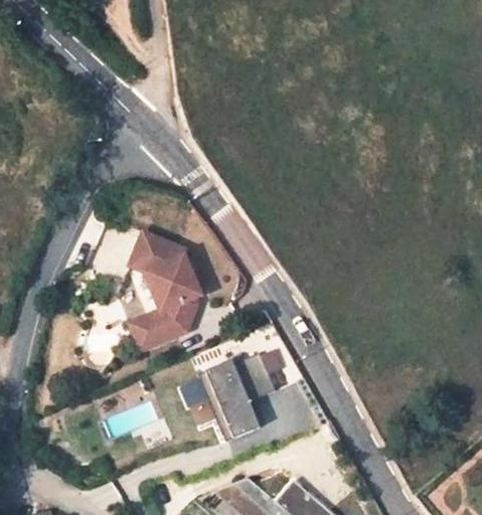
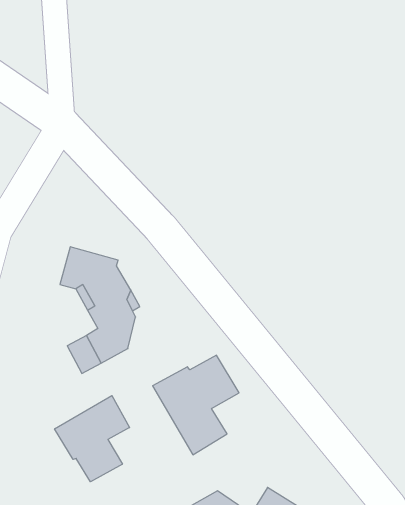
building: none -> [55,396,130,482]

